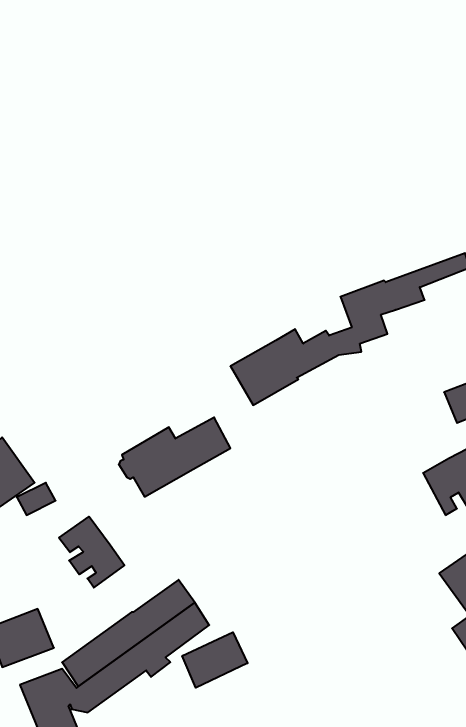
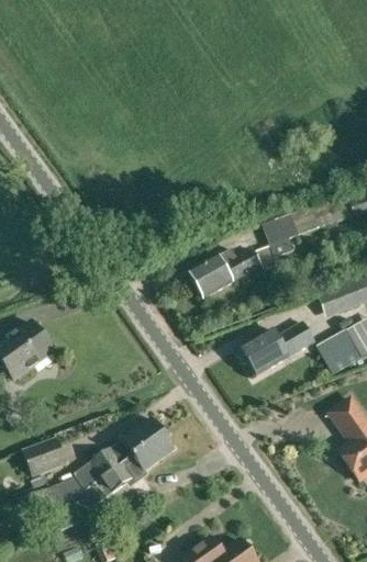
building: [119,417,230,497] -> [238,322,314,375]
building: [59,517,124,588] -> none
building: [182,632,248,688] -> none

